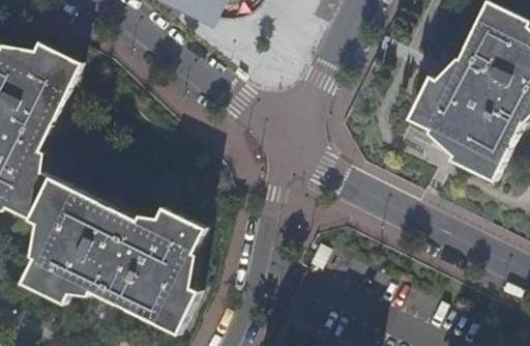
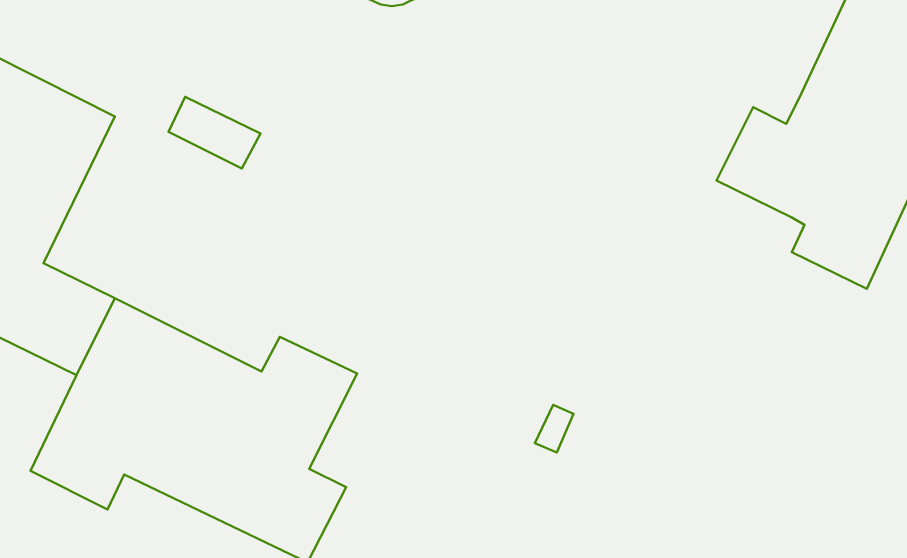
building: [29,42,81,83] -> [169,97,260,168]

